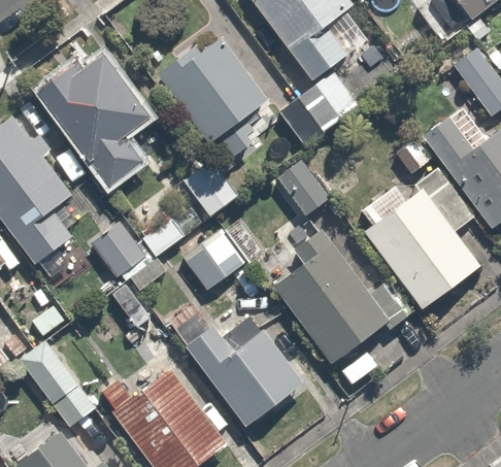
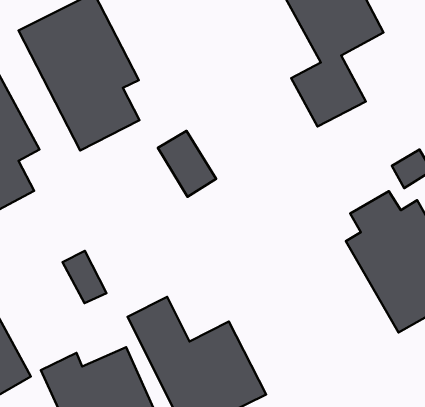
building: [164,36,268,166] -> none
building: [271,158,329,219] -> none
building: [88,215,152,281] -> none
building: [179,227,247,294] -> none
building: [268,232,390,366] -> none

